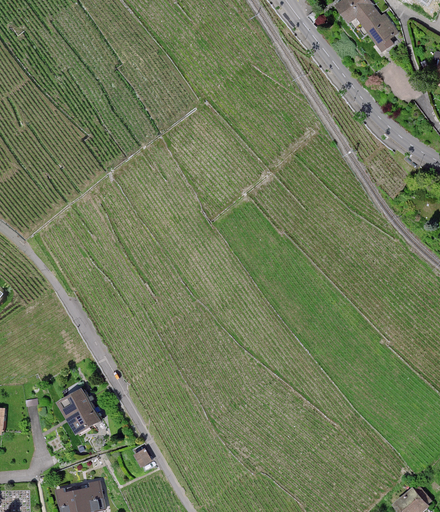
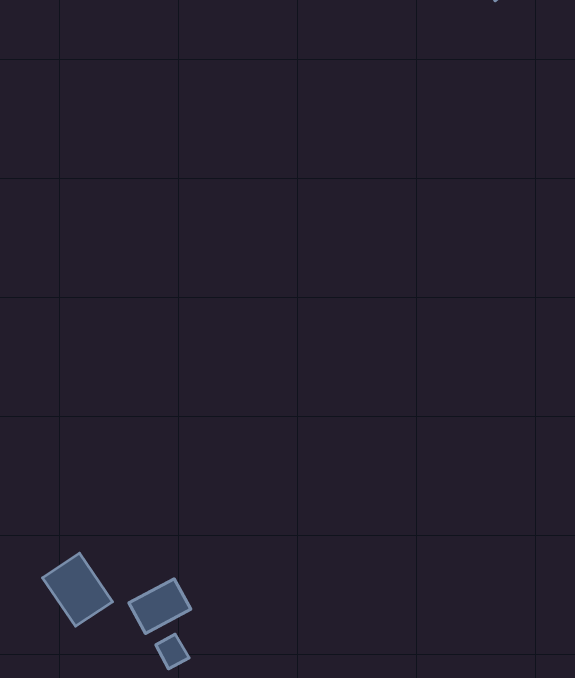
building: none -> [129,579,191,633]

